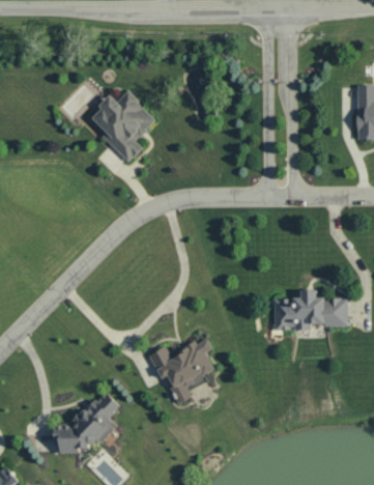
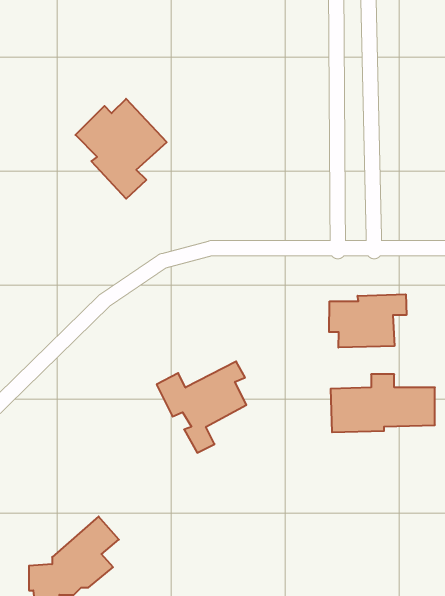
building: none -> [329,294,406,348]
building: [150,338,214,403] -> [157,361,246,453]

